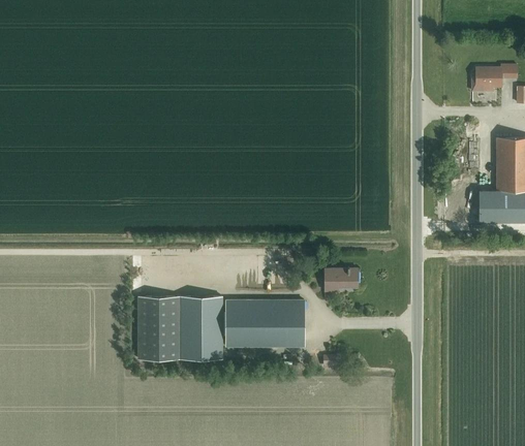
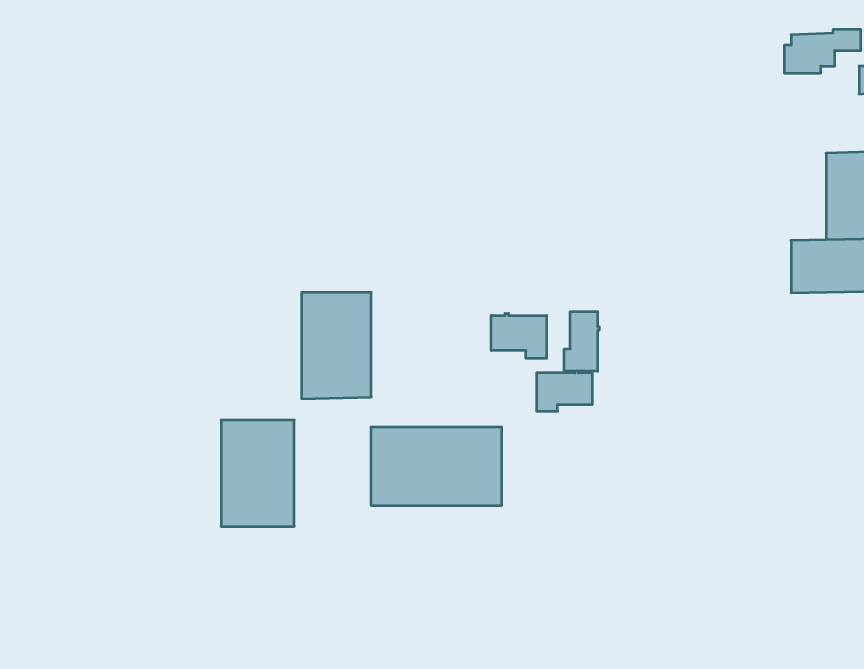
building: none -> [564,312,599,371]
building: none -> [491,313,547,358]
building: [181,296,222,359] -> [302,292,371,399]

